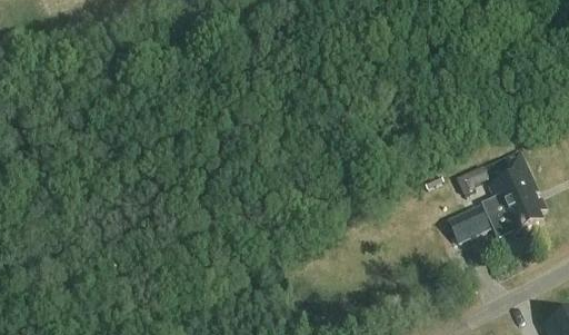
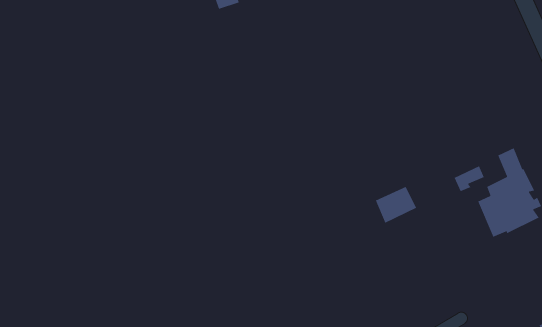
building: [450,206,492,244] -> [375,186,417,224]

